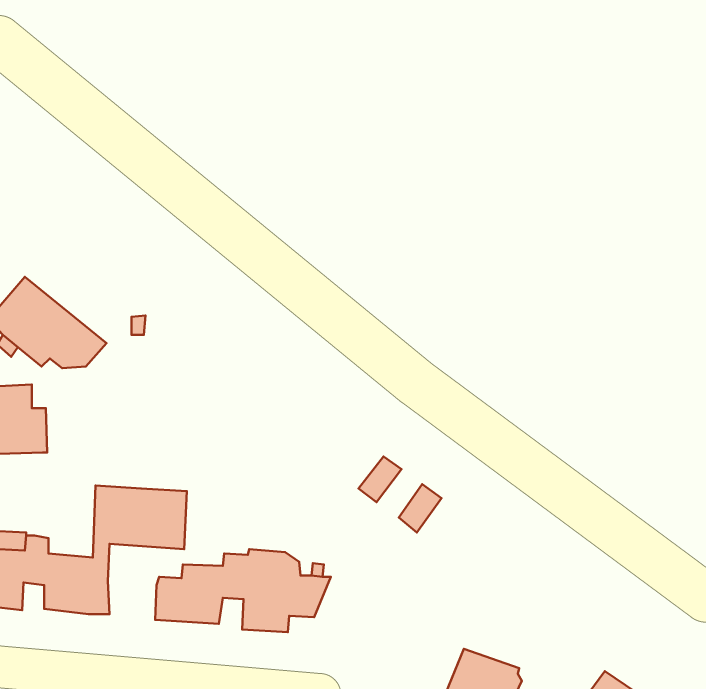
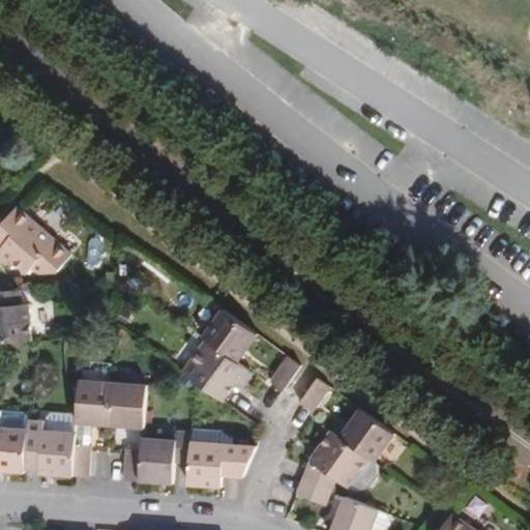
building: none -> [179,306,257,400]
building: none -> [297,409,394,505]

